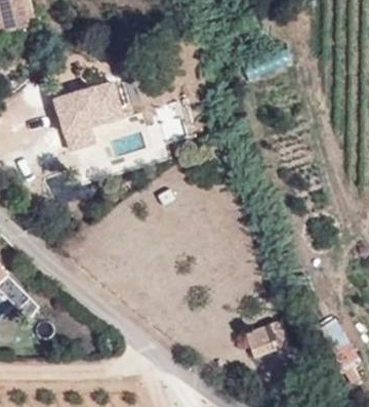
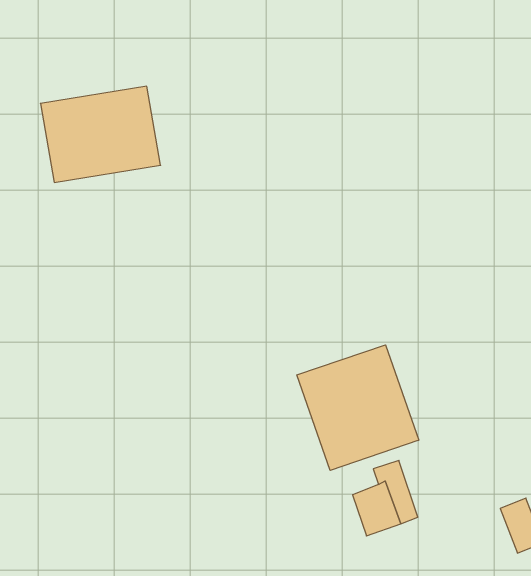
building: none -> [297,345,419,470]

